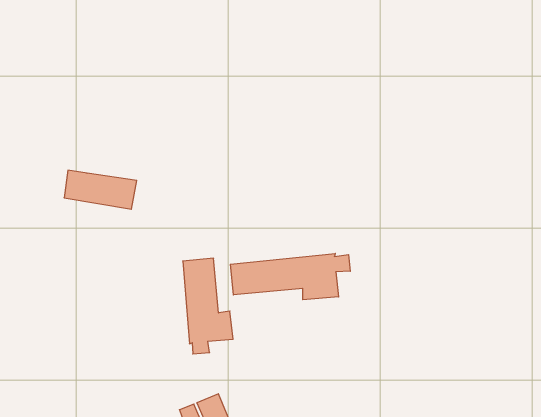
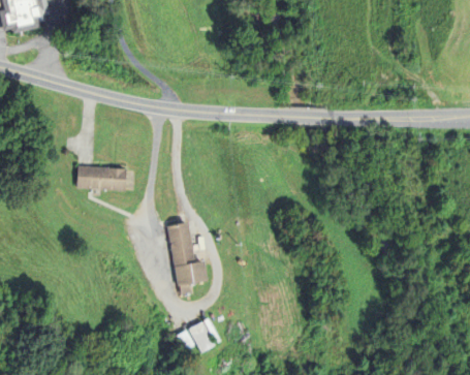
building: [230,253,350,300] -> none

